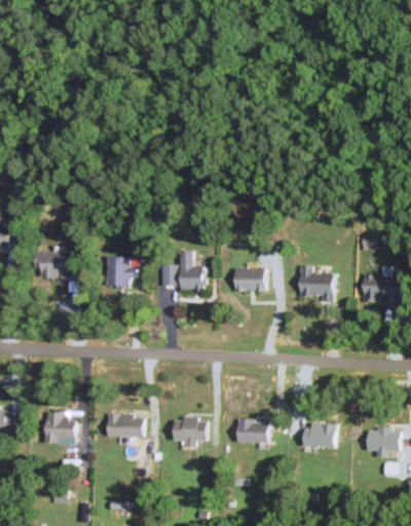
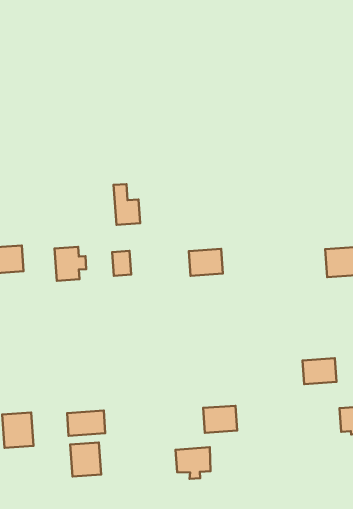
building: [180,251,202,289] -> [114,184,140,225]
building: [299,266,333,301] -> none
building: [173,417,206,446] -> [176,447,211,479]
building: [303,423,334,446] -> [302,358,336,384]
building: none -> [70,443,101,477]

